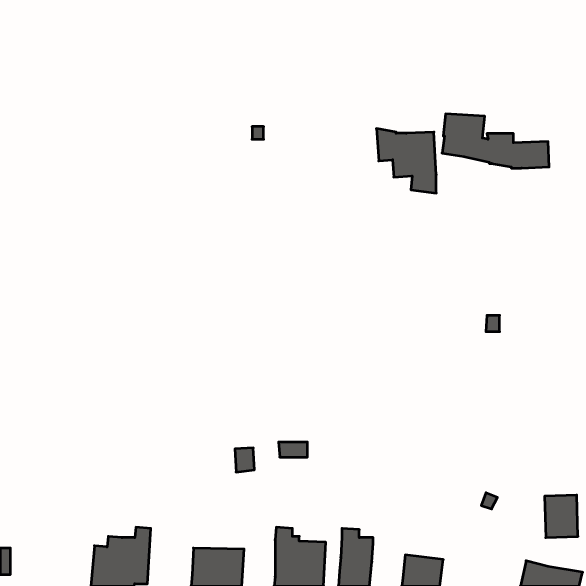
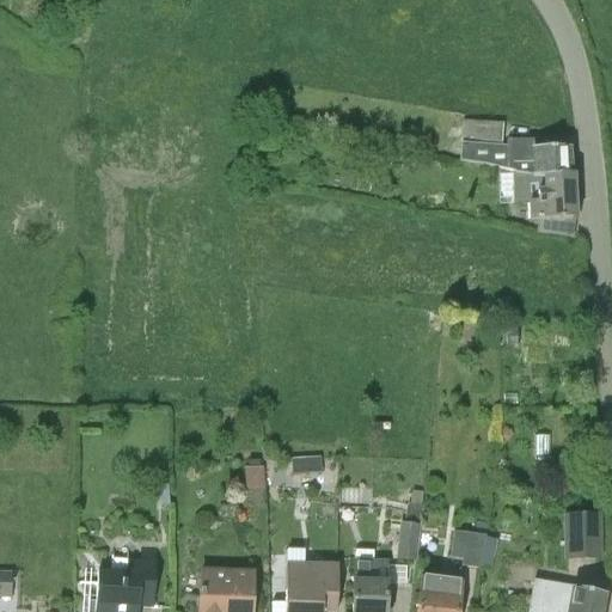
building: [376,129,436,193] -> [513,170,575,237]
building: none -> [397,502,423,559]
building: none -> [452,530,488,567]

